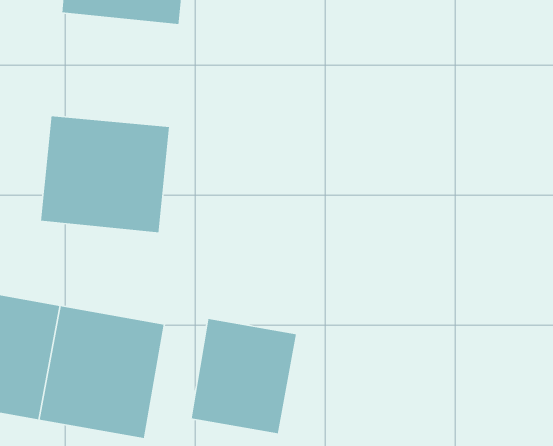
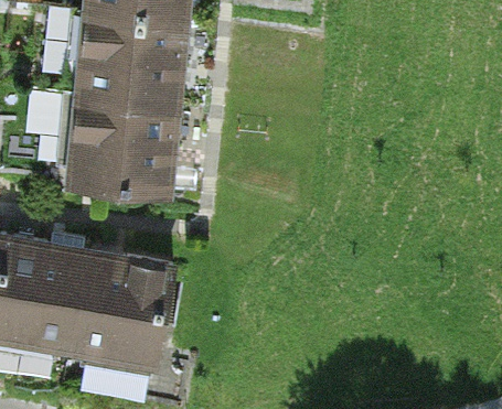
building: none -> [77,18,183,111]
building: [191,318,297,434] -> none

